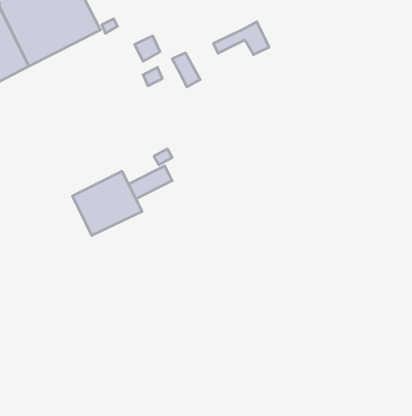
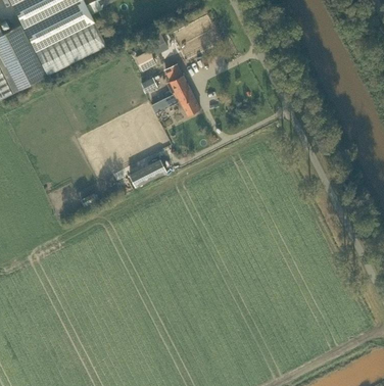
building: [213,22,269,55] -> [152,86,199,113]
building: [73,171,142,236] -> none

